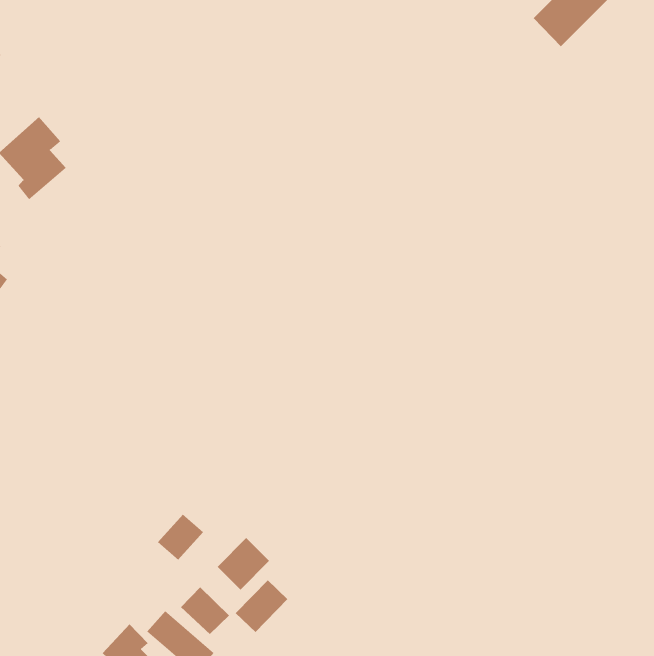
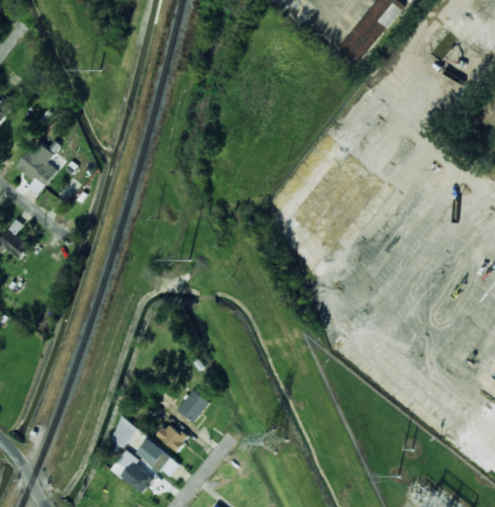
building: [157,514,204,561] -> [108,417,137,446]
building: [235,580,288,633] -> none

